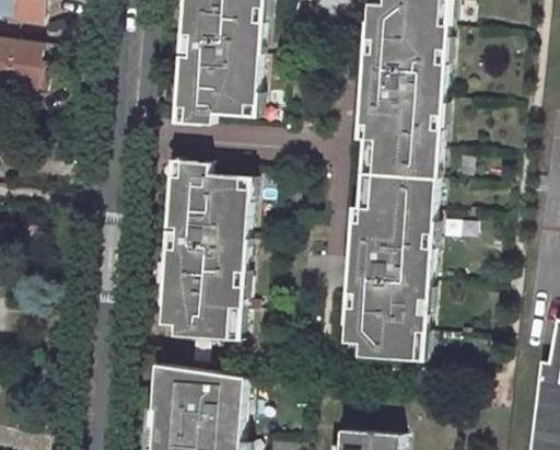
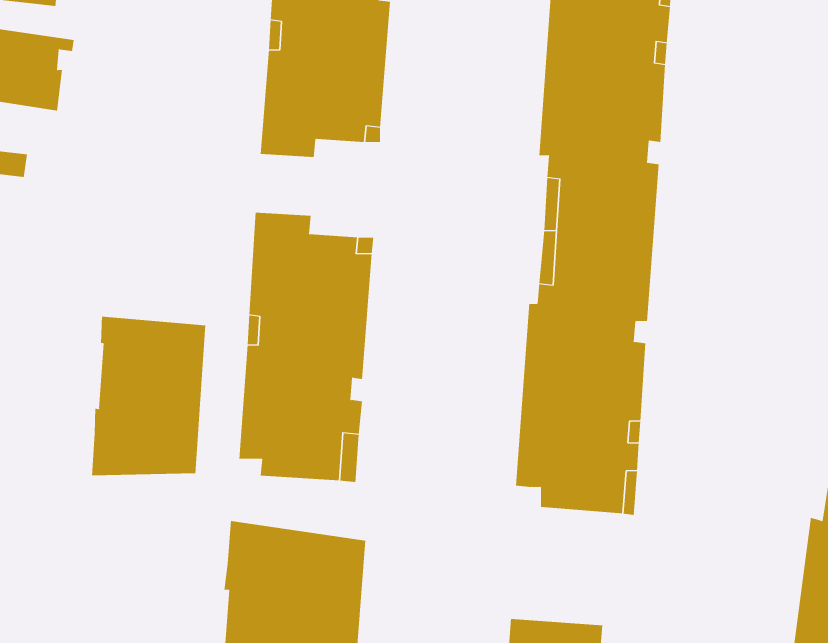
building: none -> [91,316,206,476]

